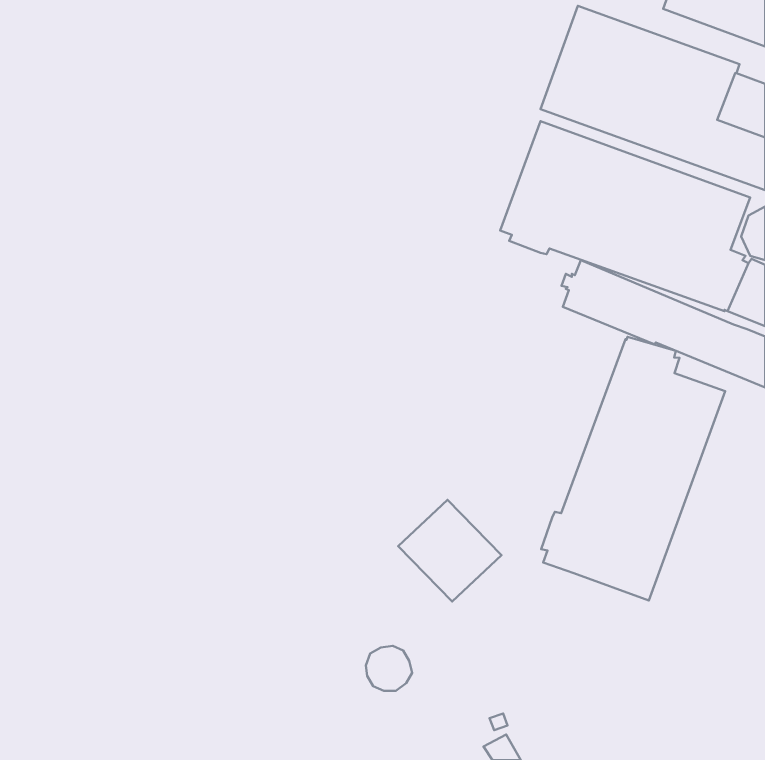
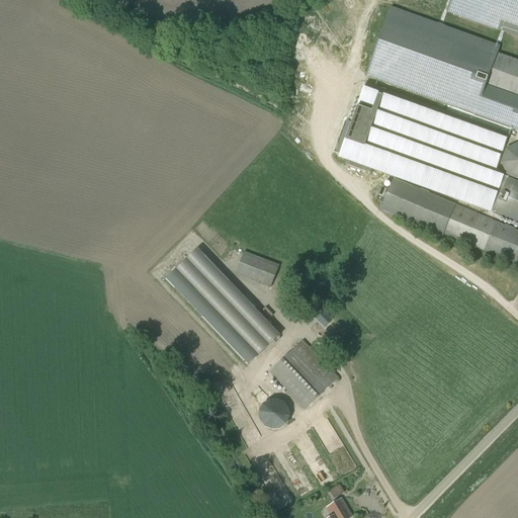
building: [541,337,725,601] -> none
building: none -> [166,247,280,363]
building: none -> [235,249,279,286]
building: [366,646,412,691] -> [259,397,290,427]

